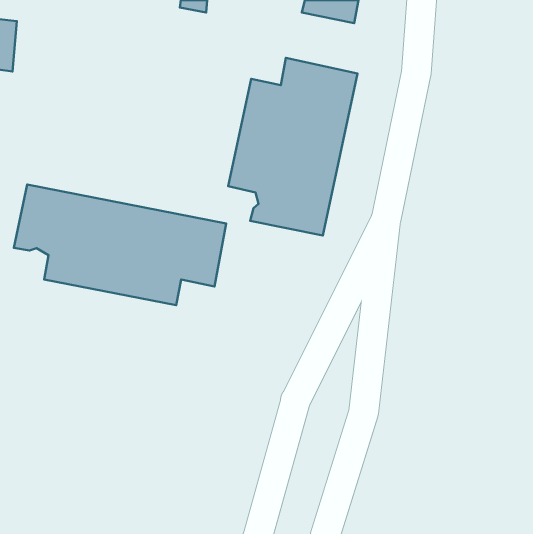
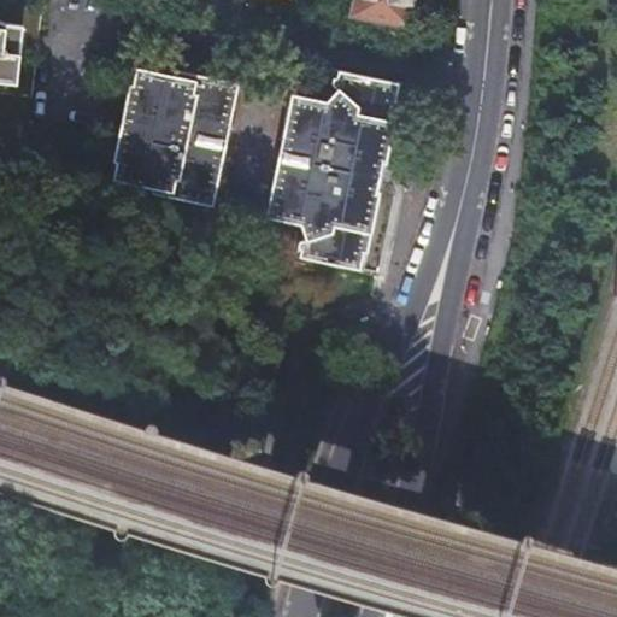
building: none -> [112,66,236,206]
building: [14,184,226,305] -> none

